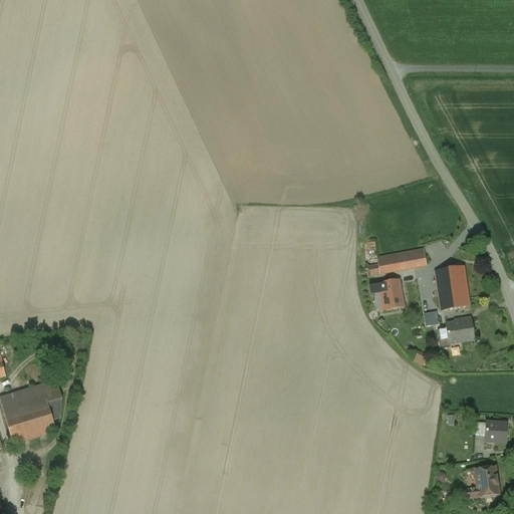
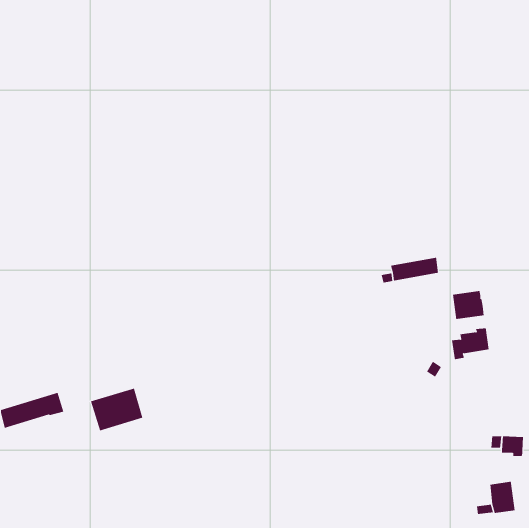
building: [436,266,467,285] -> none
building: [379,279,404,309] -> none
building: [5,402,56,444] -> [90,388,143,431]

